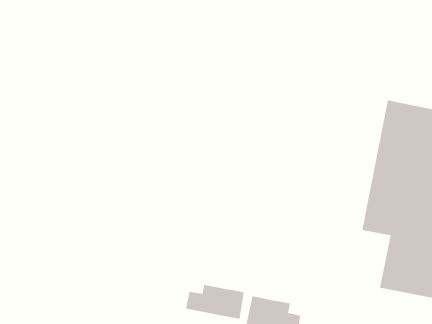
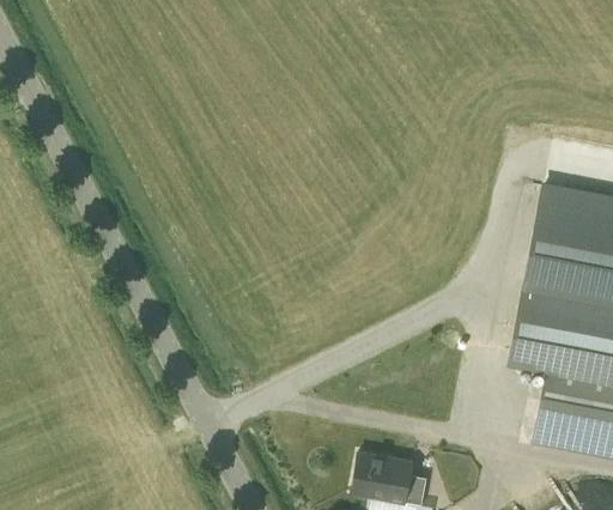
building: [186,284,244,319] -> none

